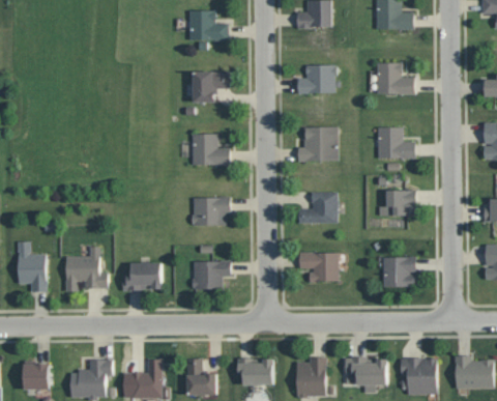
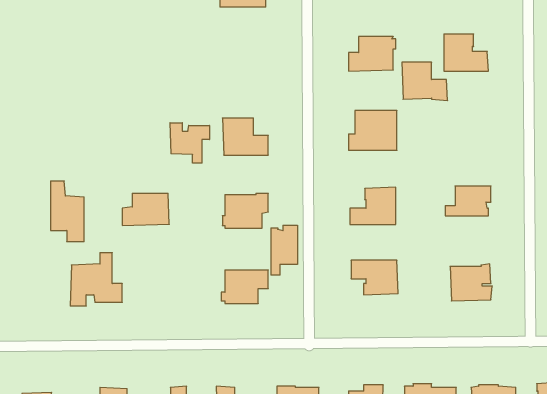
building: [193,73,229,103] -> none
building: [377,127,415,160] -> [402,62,448,101]
building: none -> [170,123,209,163]
building: none -> [271,225,297,275]
building: [18,241,46,292] -> [51,181,84,242]
building: [122,263,162,290] -> [122,193,169,225]

